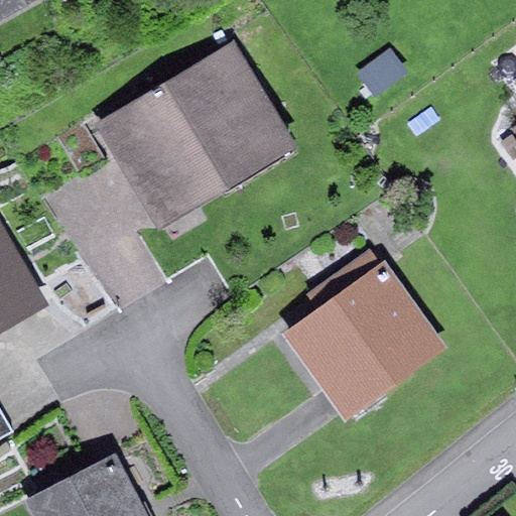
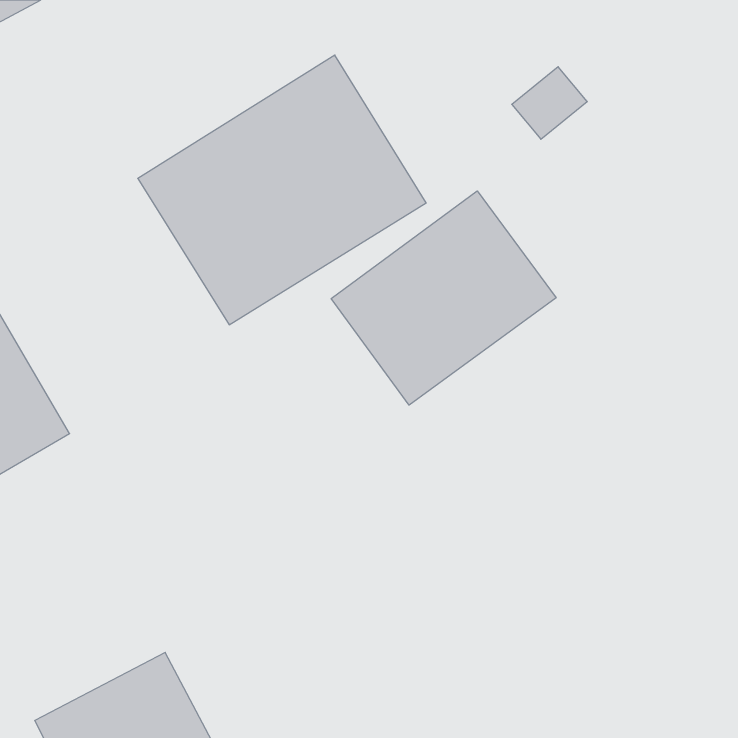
building: none -> [331,191,556,405]
building: [281,248,445,420] -> none

